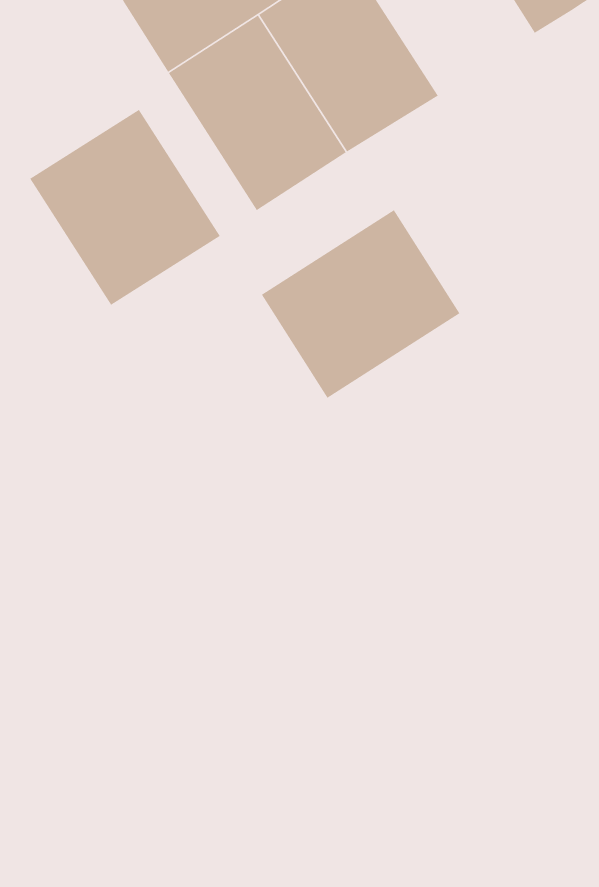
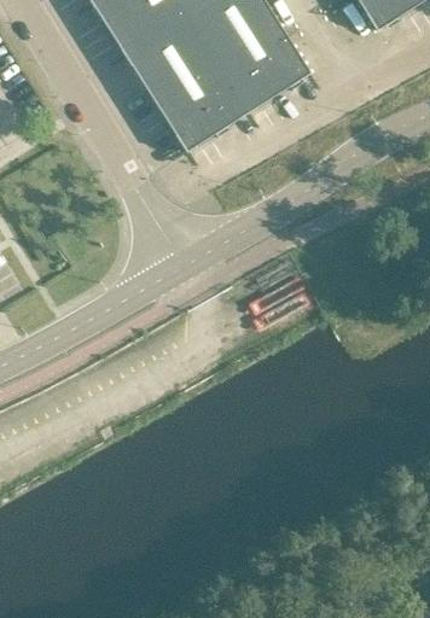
building: [29,109,221,306] -> none
building: [261,209,461,399] -> none

